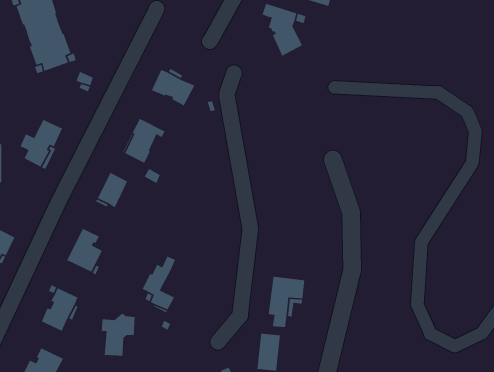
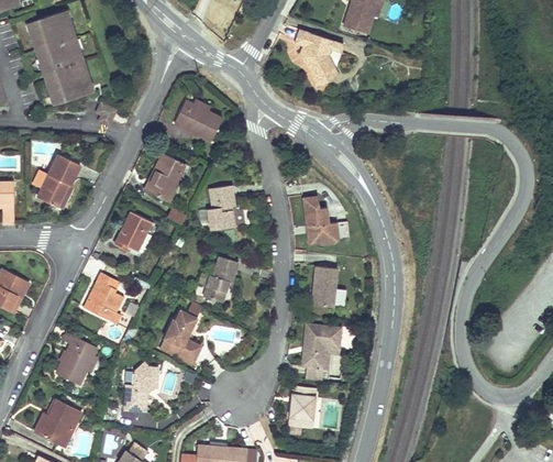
building: none -> [208,185,235,230]
building: none -> [303,196,339,244]
building: none -> [203,256,237,301]
building: none -> [312,265,336,306]

